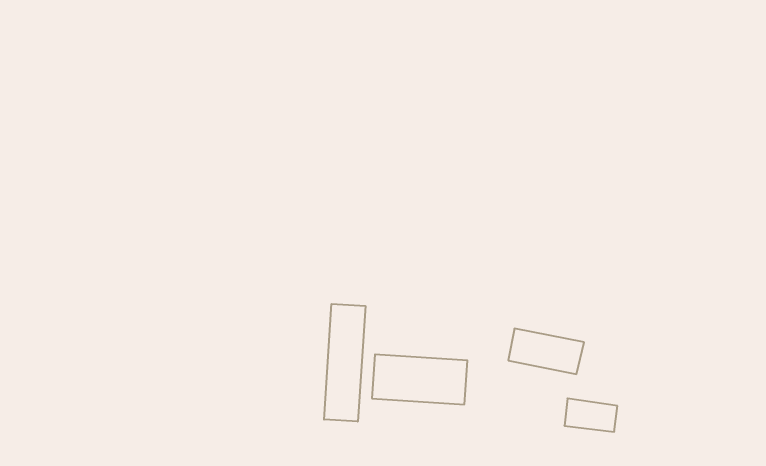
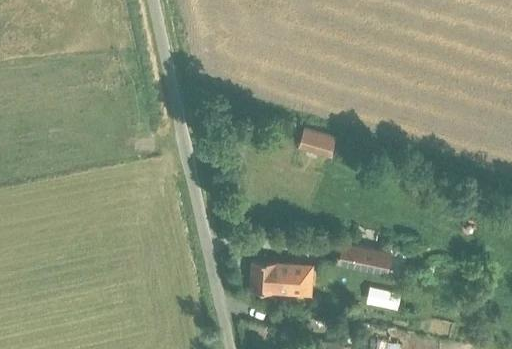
building: none -> [298,130,335,160]
building: [324,304,365,422] -> none

